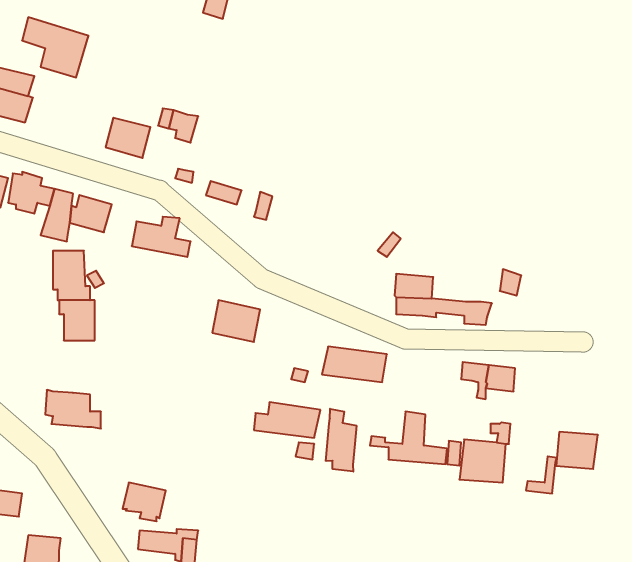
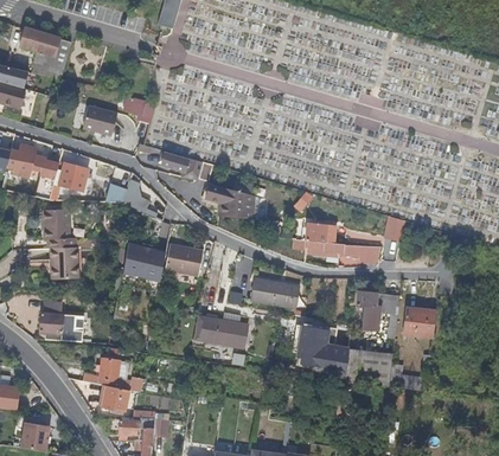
building: none -> [207,182,260,213]
building: none -> [123,245,164,280]
building: [326,409,356,472] -> none
building: [556,432,598,469] -> [404,307,436,335]
building: none -> [83,357,145,391]

